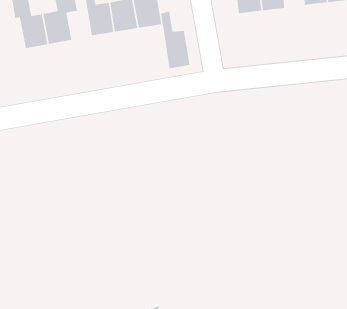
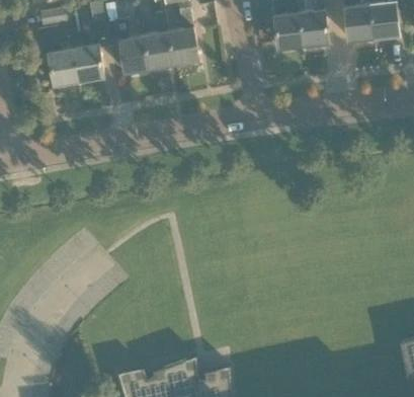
building: [160,11,190,69] -> none

